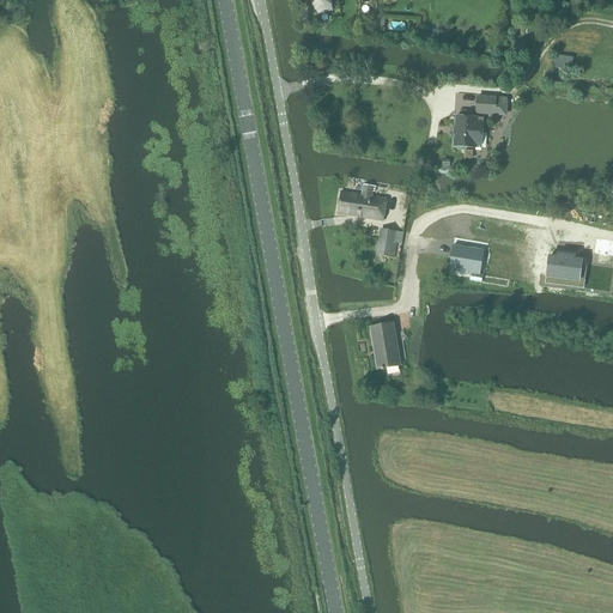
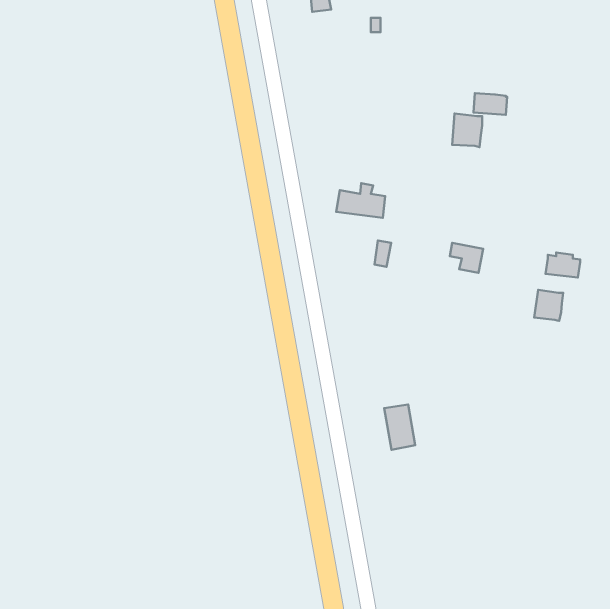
building: none -> [534,290,563,321]
building: [370,322,401,368] -> [384,404,415,450]

